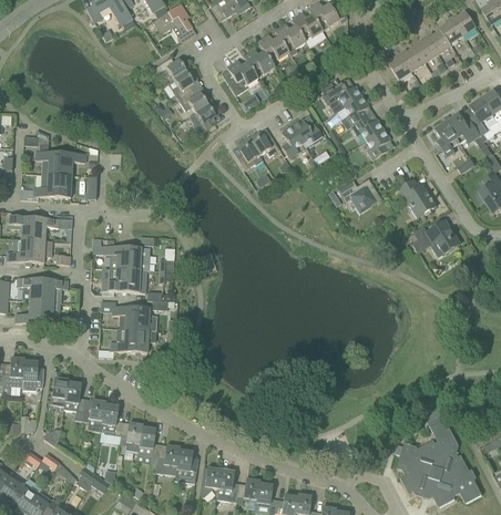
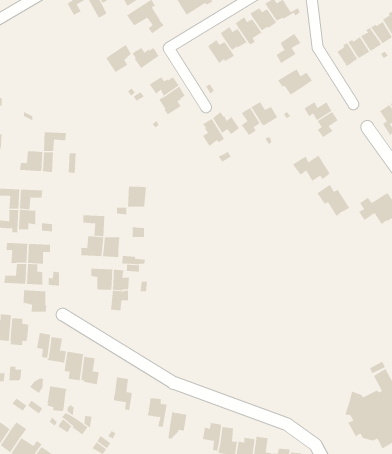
building: [226,59,257,94] -> none
building: [166,66,196,99] -> [105,44,132,73]
building: [340,94,369,128] -> [276,33,301,64]
building: [34,143,60,174] -> none
building: [399,178,437,215] -> [316,184,350,217]
building: [127,246,150,270] -> [127,186,147,208]
building: [110,328,136,351] -> none
building: none -> [23,289,47,313]
building: [119,421,142,450] -> [47,386,67,412]
building: [155,444,180,474] -> none
building: [216,468,239,502] -> none

